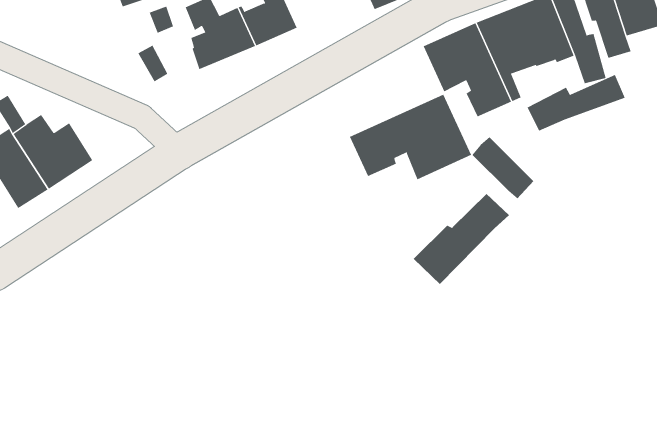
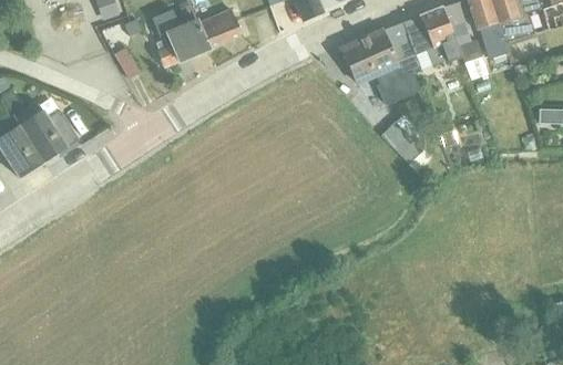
building: [527,74,625,131] -> none
building: [349,94,472,180] -> none
building: [413,193,510,285] -> none

